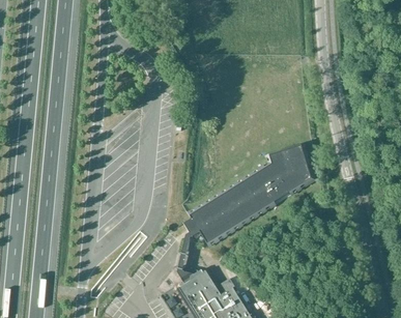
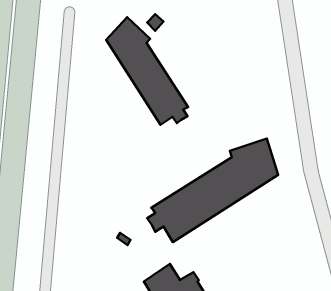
building: none -> [106,17,188,125]

